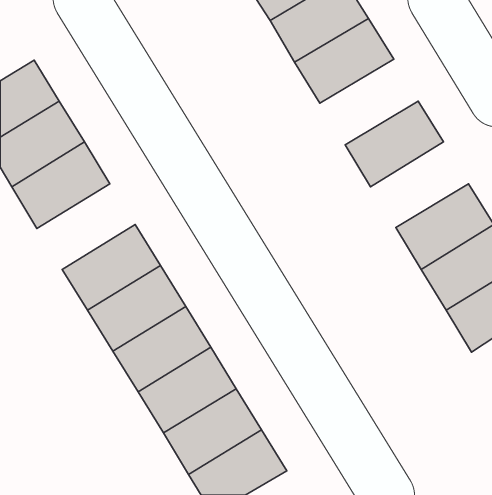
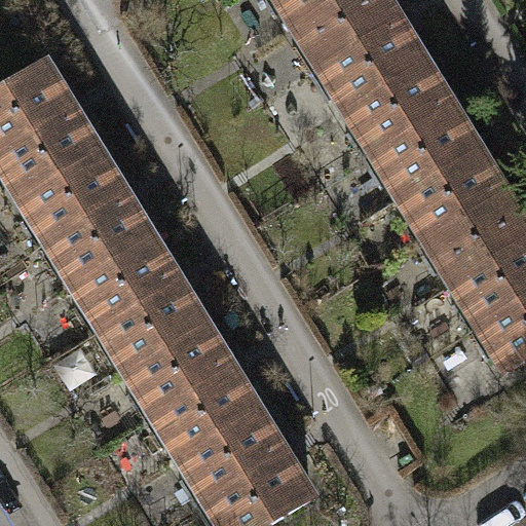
building: none -> [343,63,447,153]
building: none -> [397,150,500,240]
building: none -> [44,194,148,285]

